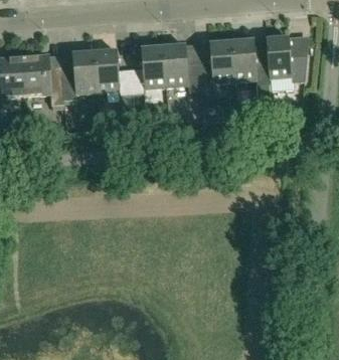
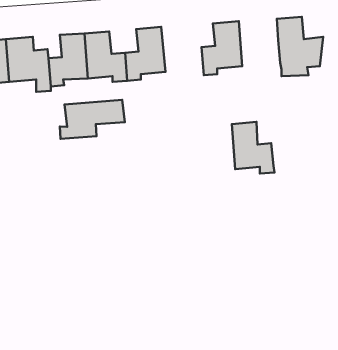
building: [232,37,271,83] -> [232,122,275,174]
building: [163,43,201,88] -> none
building: none -> [60,100,125,139]

